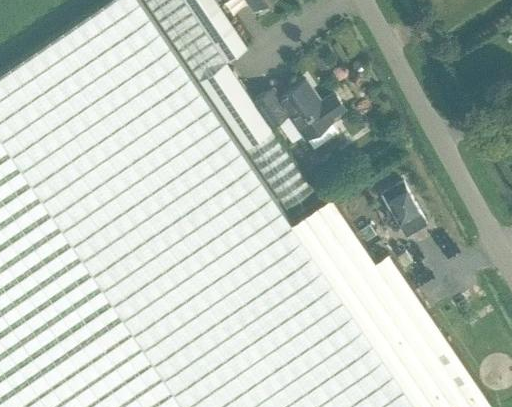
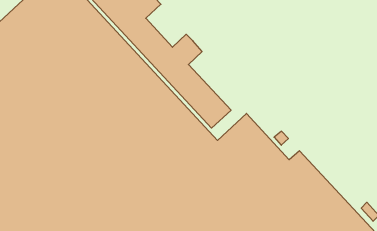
building: [279,82,344,151] -> none
building: [382,185,426,238] -> none

